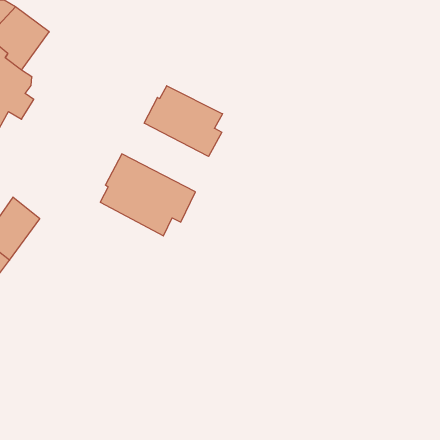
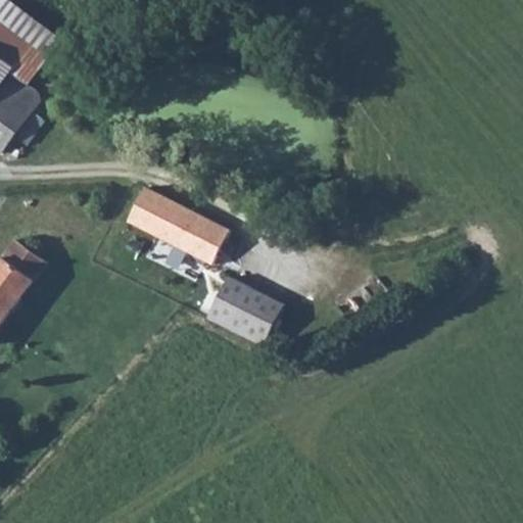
building: [144,86,223,156] -> none
building: none -> [203,271,281,346]

